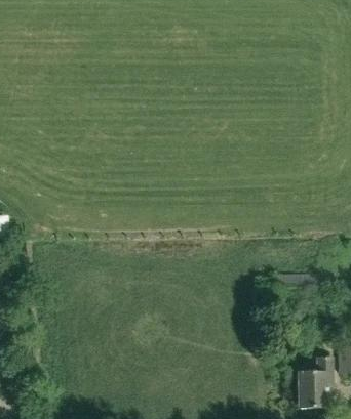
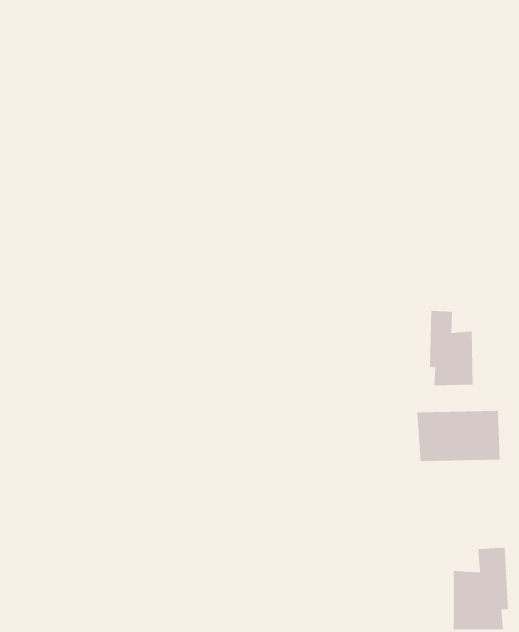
building: none -> [430,310,473,386]

